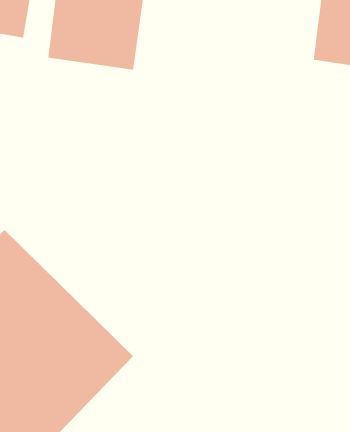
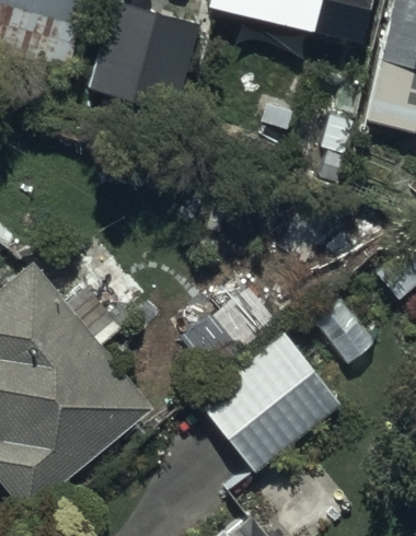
building: none -> [200,335,338,474]

